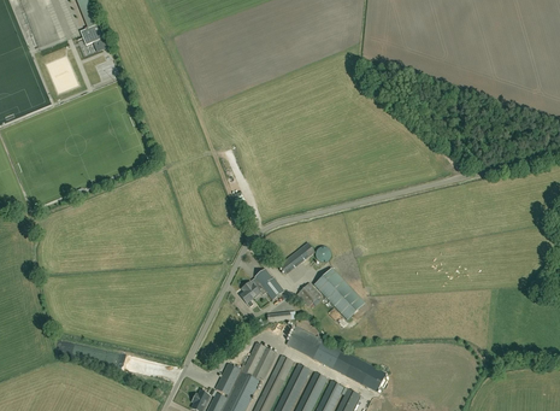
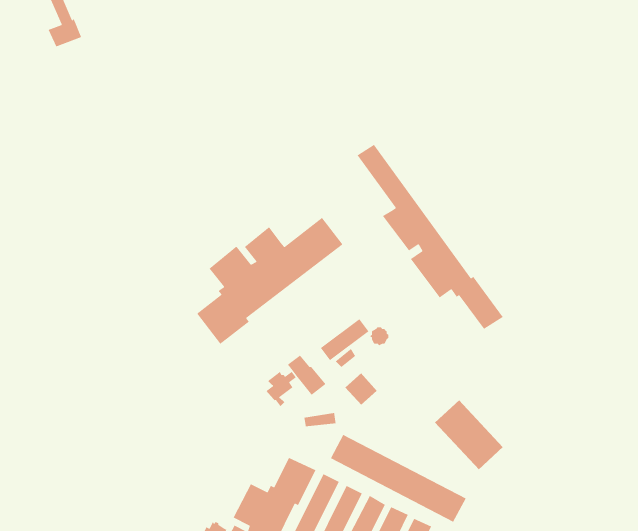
building: none -> [356,144,504,330]
building: none -> [196,217,343,345]
building: [314,268,365,319] -> [434,399,504,470]

